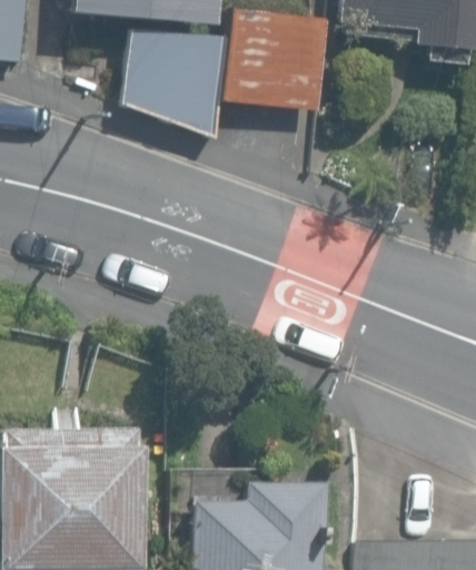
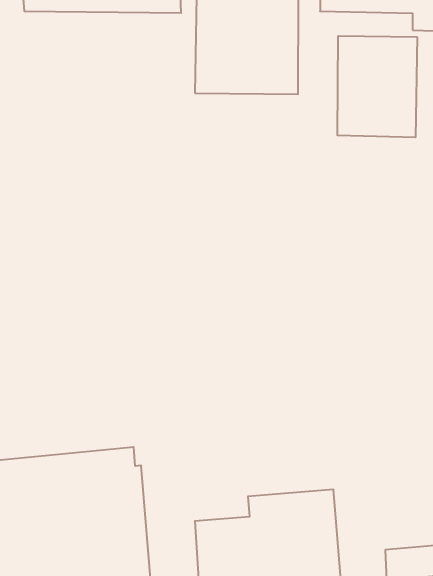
building: [126,27,228,138] -> none
building: none -> [337,36,417,137]

